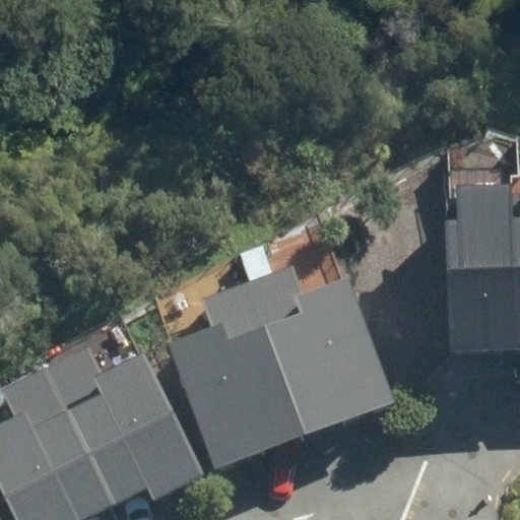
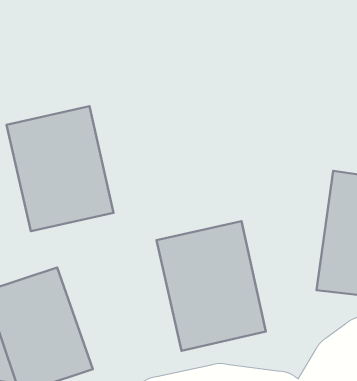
building: none -> [6,106,113,231]
building: [167,313,300,469] -> none

